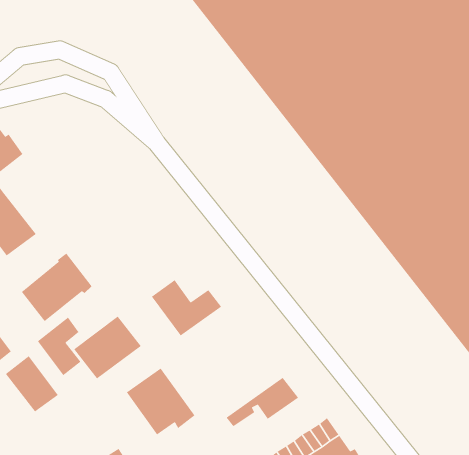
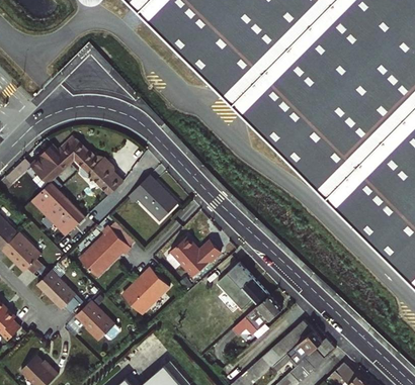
building: none -> [57,135,119,192]
building: none -> [128,175,177,218]
building: [37,316,81,376] -> none
building: [126,368,196,435] -> [217,262,267,309]

